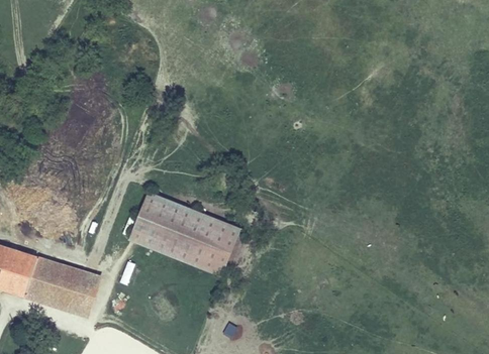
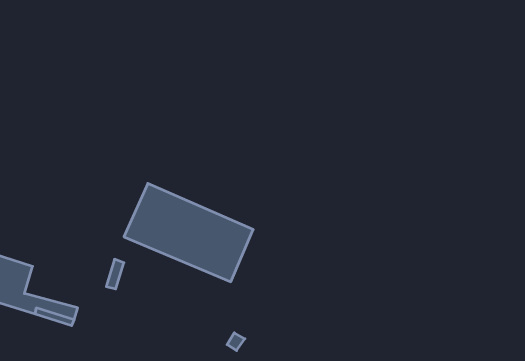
building: [45,262,97,298] -> none

